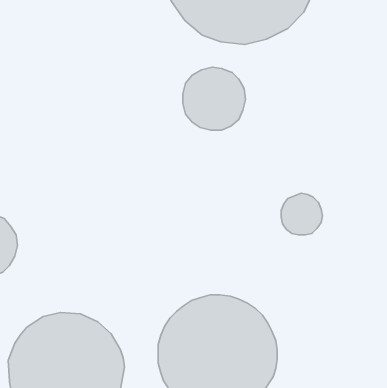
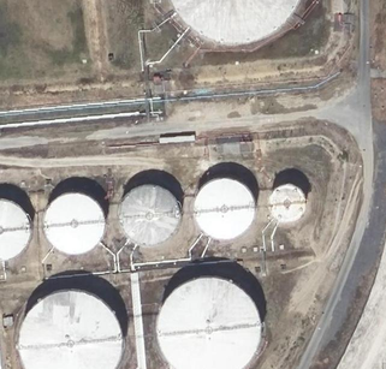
building: [183,67,246,130] -> [192,180,249,237]
building: none -> [119,186,177,244]
building: none -> [47,194,103,250]

